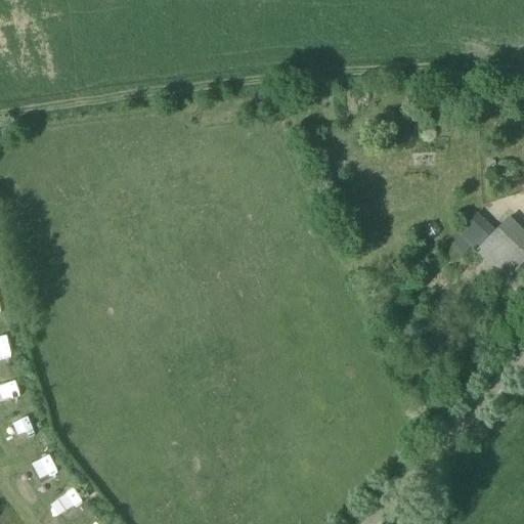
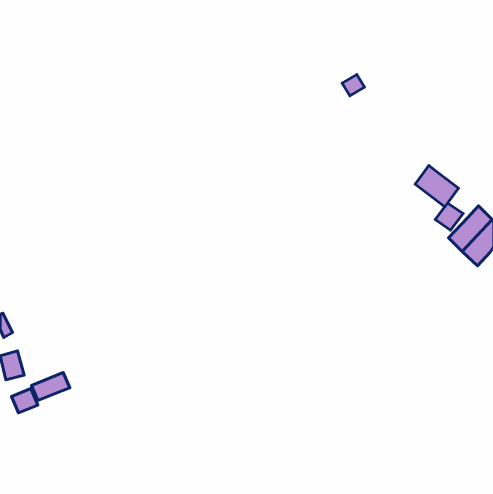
building: none -> [415,166,458,207]
building: none -> [31,373,70,401]

